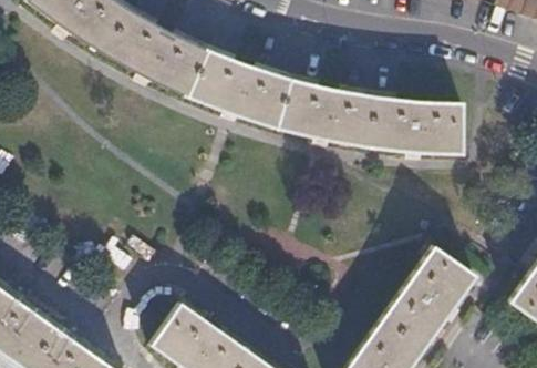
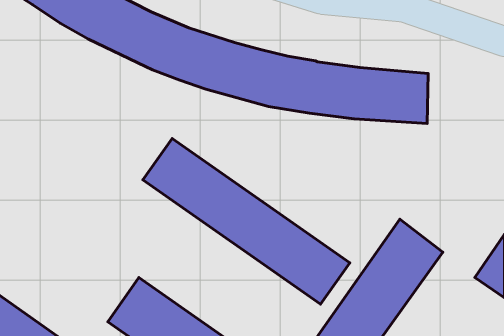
building: none -> [143,138,350,304]

